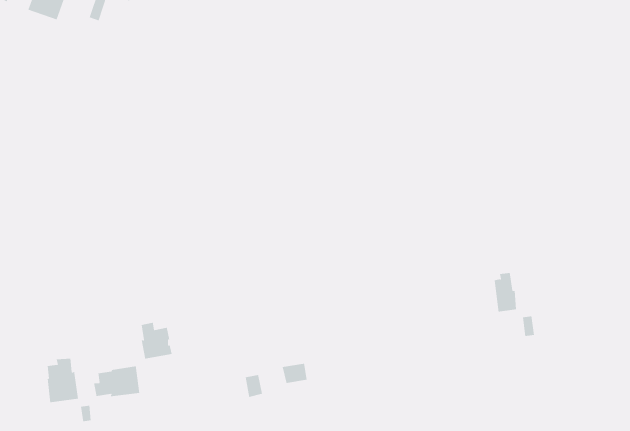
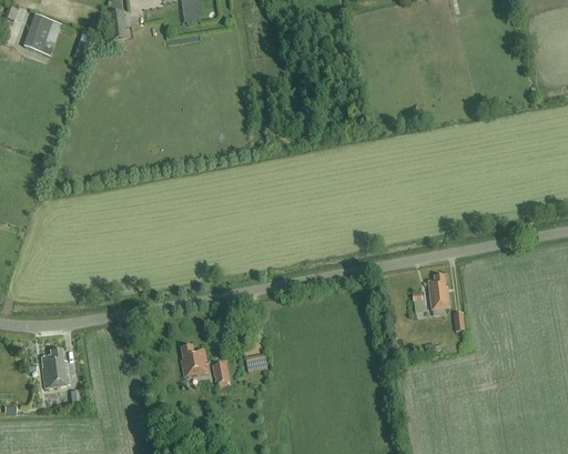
building: [141,322,173,359] -> [181,344,209,376]
building: [94,366,140,397] -> none

